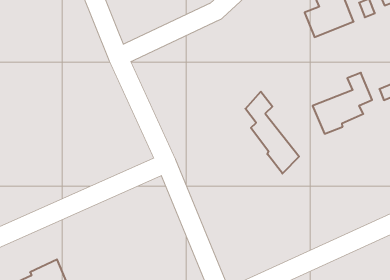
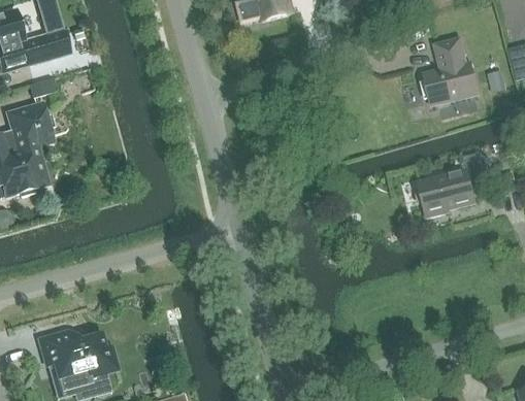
building: [245,92,299,174] -> none

